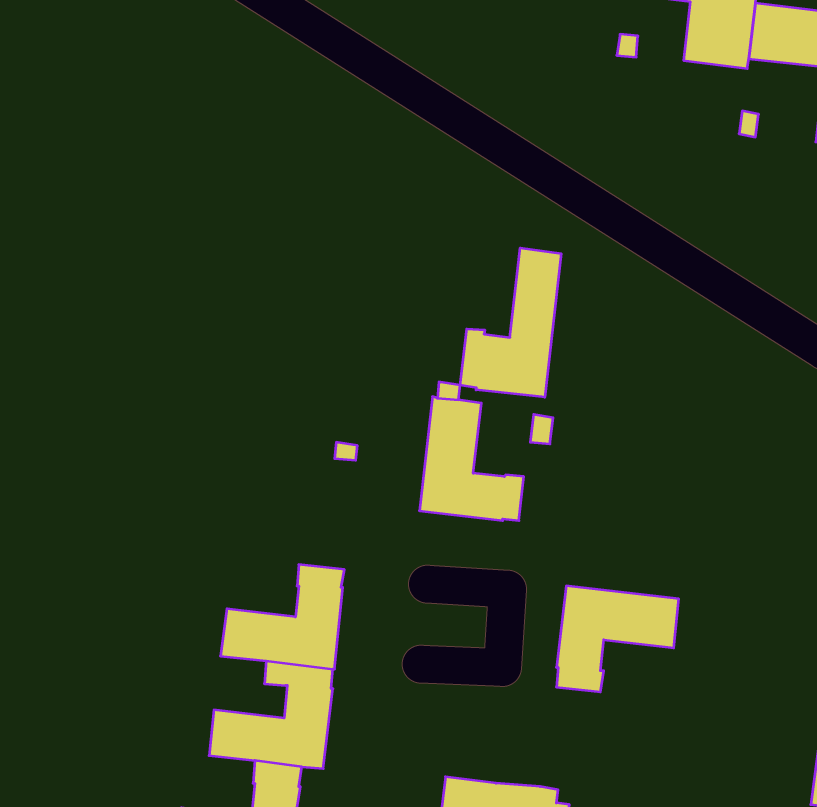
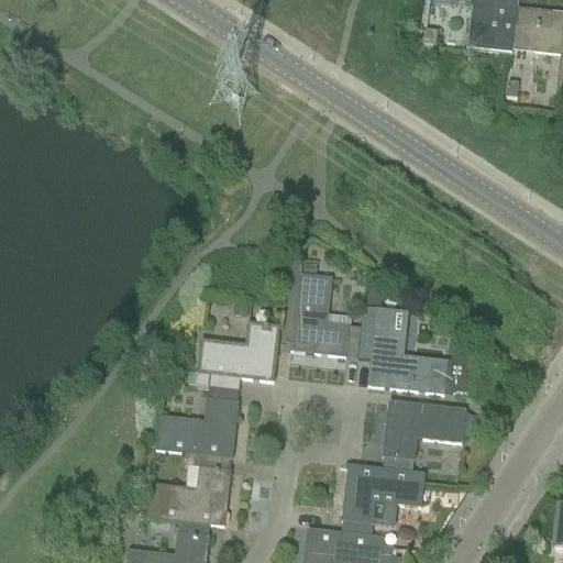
building: [460,248,561,397] -> none
building: none -> [356,306,471,393]
building: none -> [196,322,278,389]
building: none -> [341,464,423,536]

